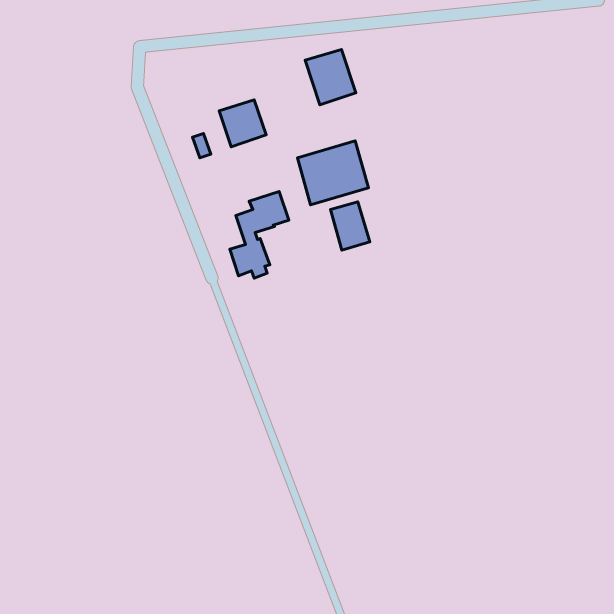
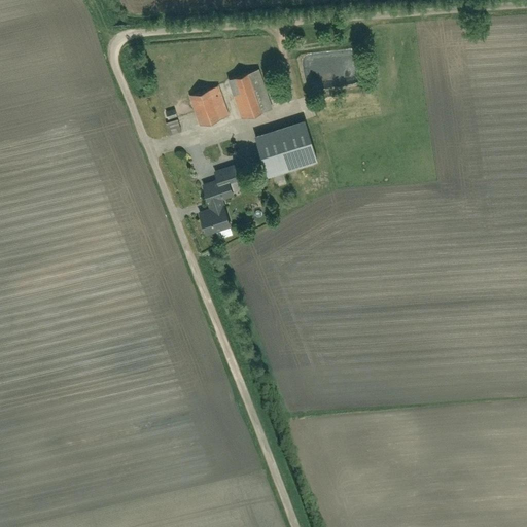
building: [305,49,356,105] -> [227,71,271,118]
building: [330,202,370,250] -> none

